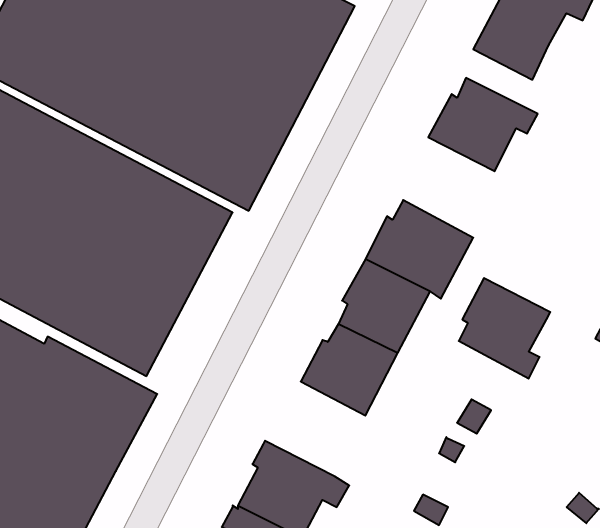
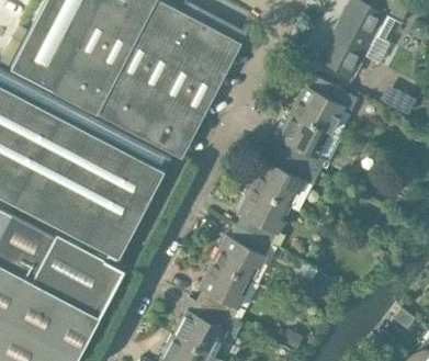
building: [459,278,550,379] -> [275,113,331,174]
building: none -> [191,262,253,320]

